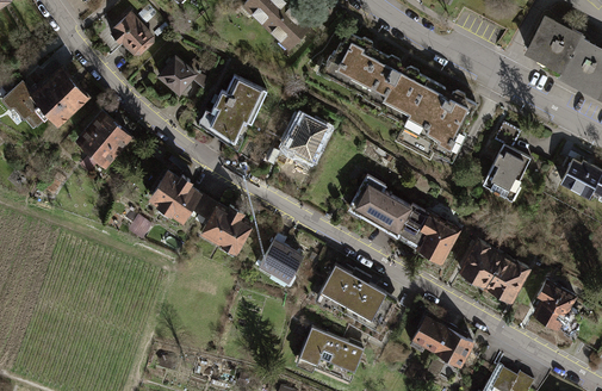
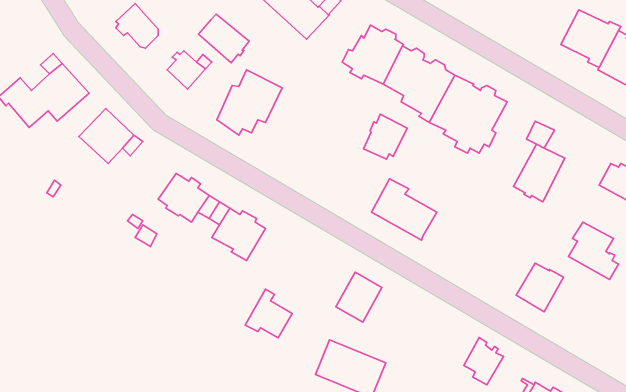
building: none -> [199,14,249,63]
building: [286,117,327,159] -> [364,114,407,159]
building: [398,205,459,260] -> none
building: [259,234,303,279] -> [245,289,292,338]
building: [460,240,503,285] -> none
building: [342,278,398,324] -> none
building: [534,280,581,334] -> [569,222,619,280]
building: [411,311,451,350] -> none

